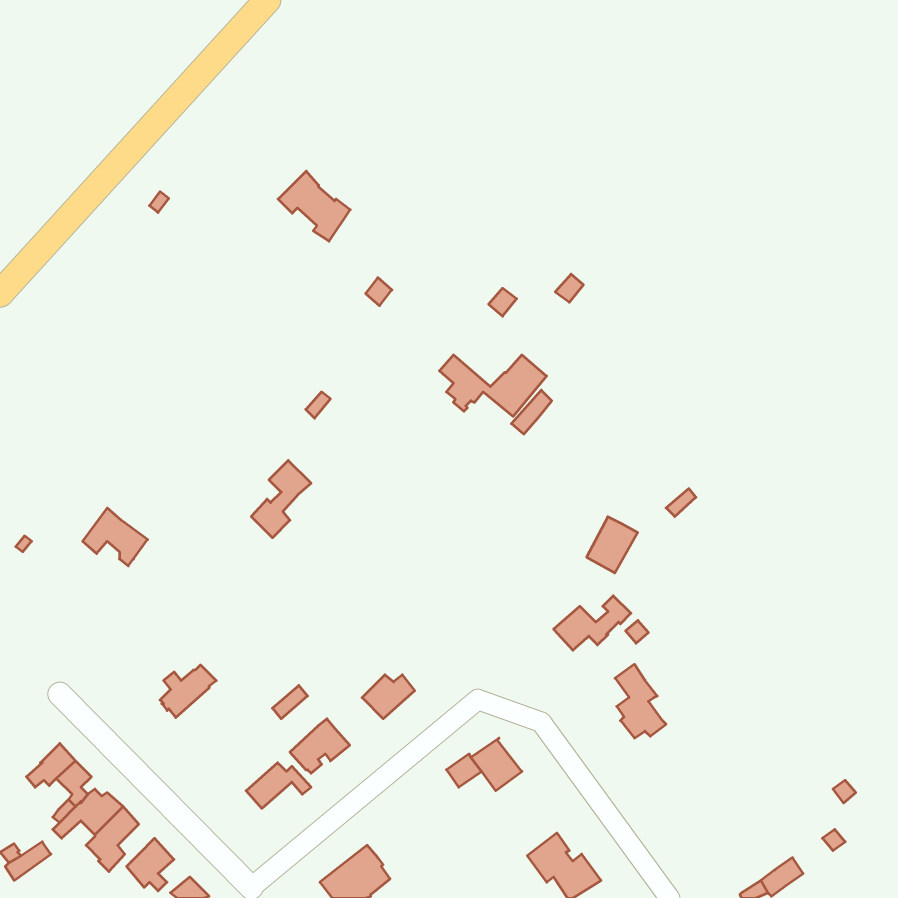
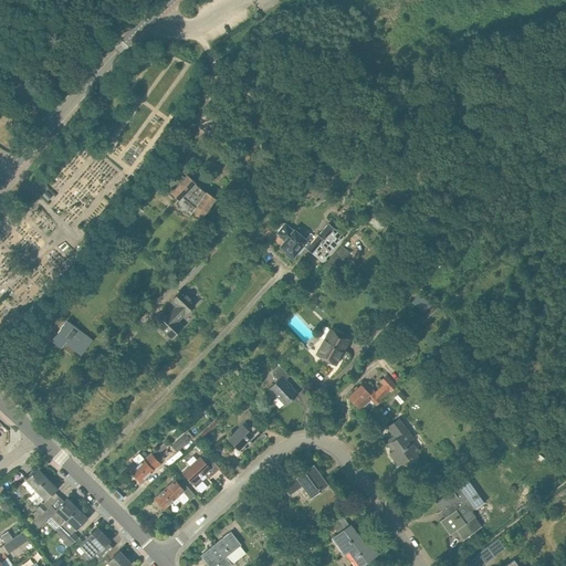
building: [278,171,350,241] -> [170,174,216,218]
building: [587,517,638,573] -> [317,329,349,365]
building: none -> [268,366,297,405]
building: [160,665,216,718] -> [130,449,166,482]
building: none -> [434,479,484,539]

